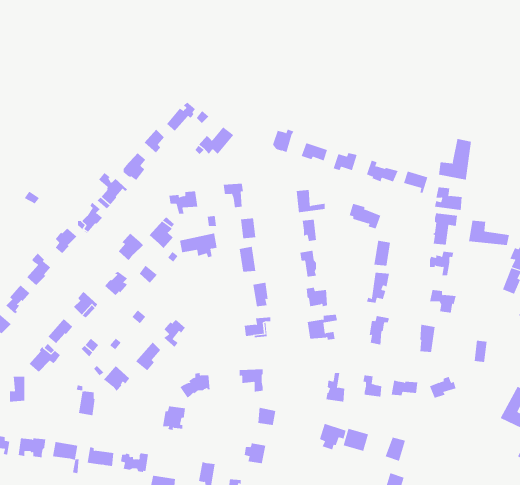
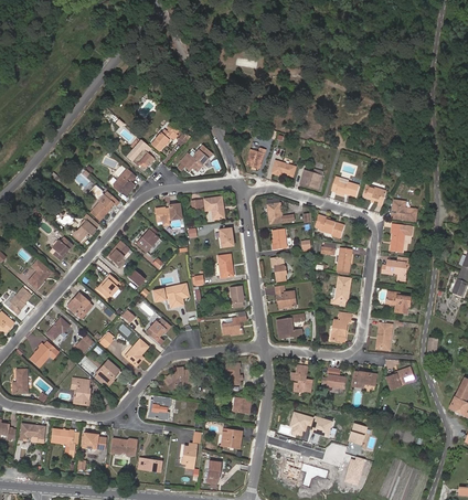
building: [439,138,472,180] -> none
building: [468,220,509,246] -> none
building: [179,233,217,258] -> [152,283,187,305]

